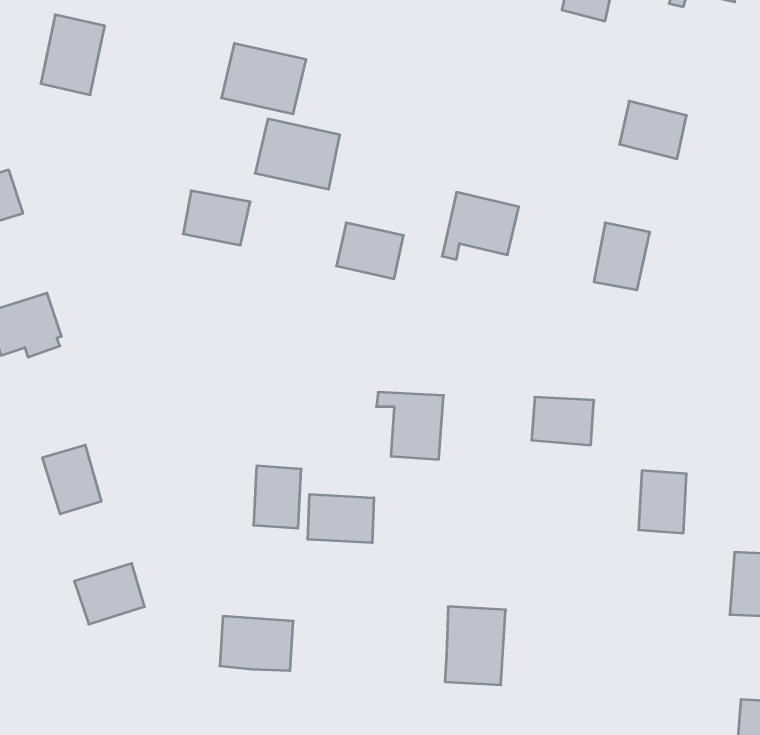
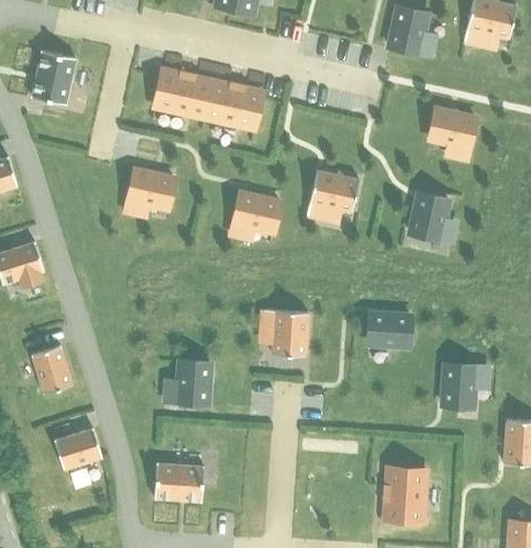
building: [255,119,340,189] -> [204,80,263,129]
building: [308,494,374,543] -> none
building: [445,607,506,685] -> [385,467,427,520]

